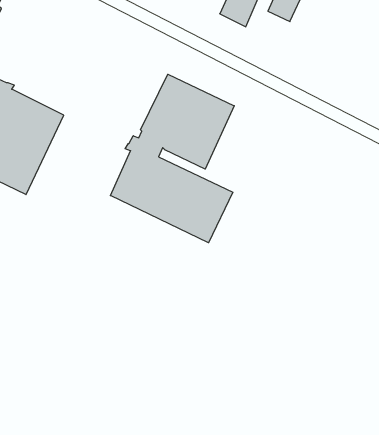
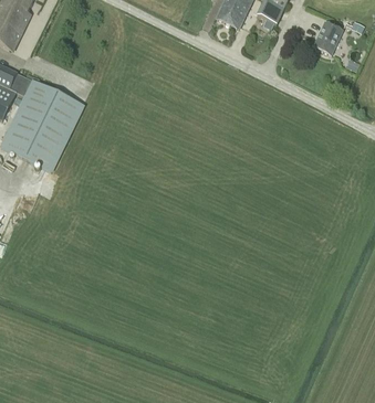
building: none -> [313,21,343,54]
building: [110,74,234,243] -> none

